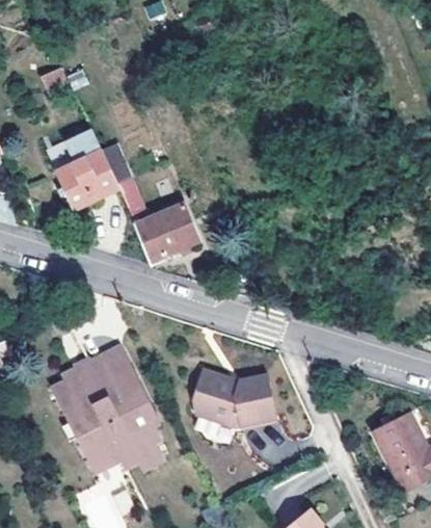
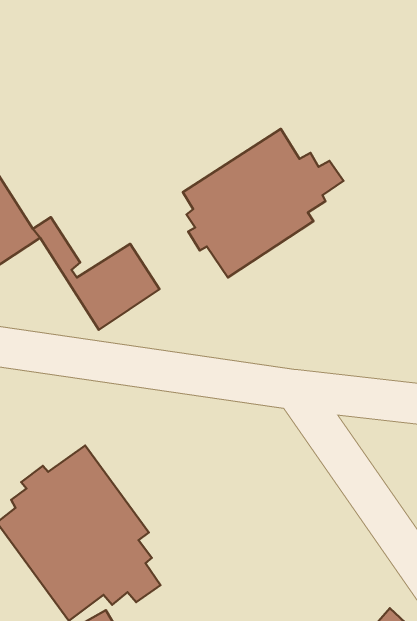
building: none -> [183,129,343,277]
building: [193,374,285,432] -> none

